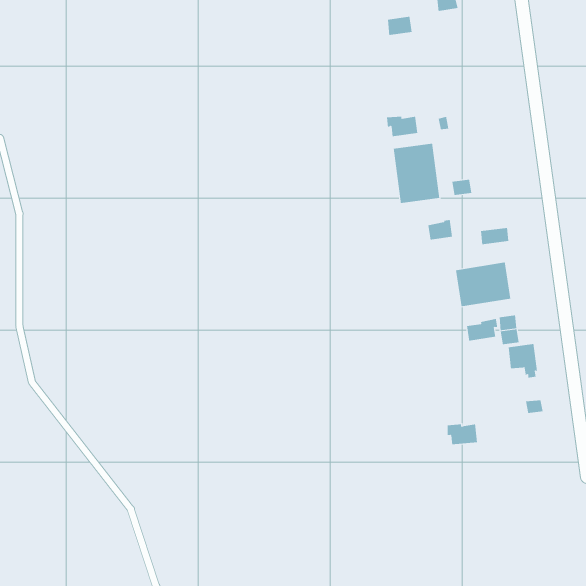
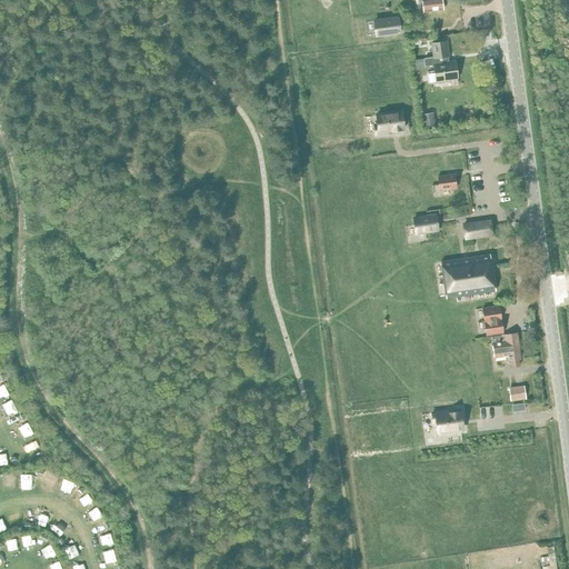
building: none -> [425,40,459,82]
building: [393,143,440,204] -> none
building: [466,318,498,341] -> none

